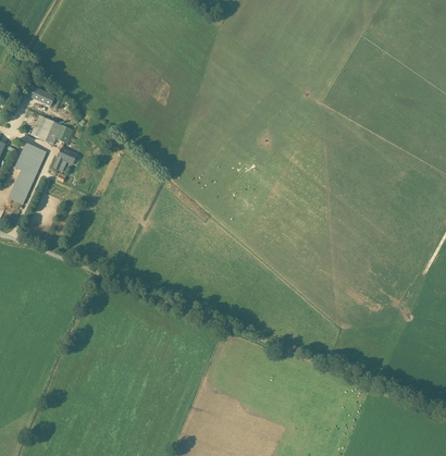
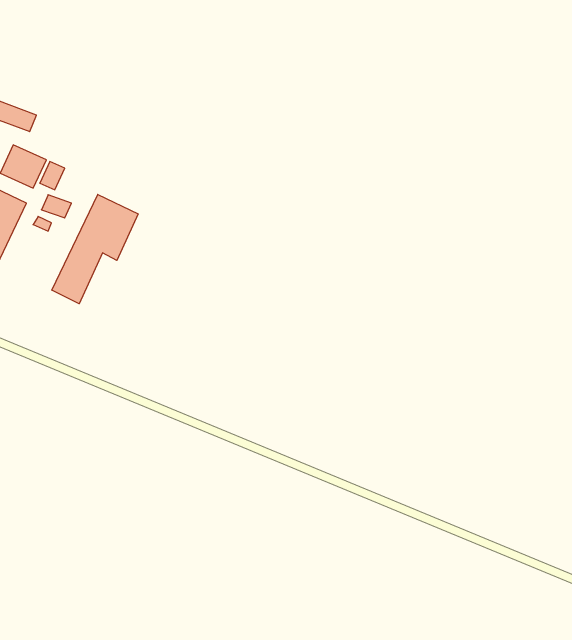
building: none -> [52,194,138,304]

